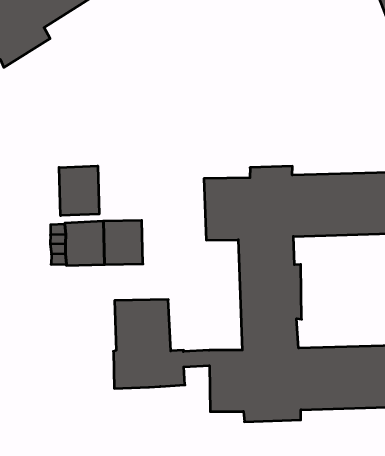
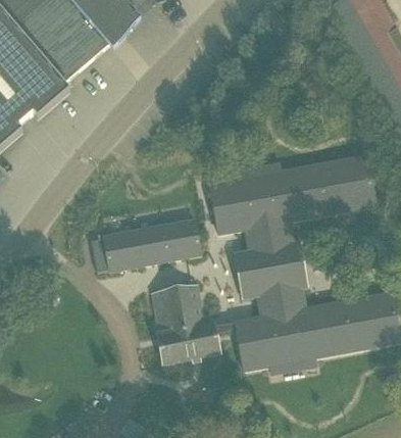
building: [59,166,99,216] -> none
building: none -> [164,220,201,259]

